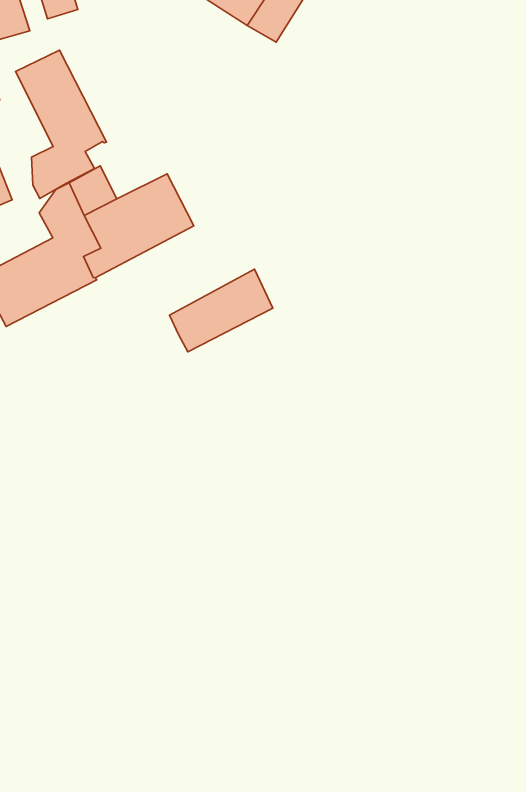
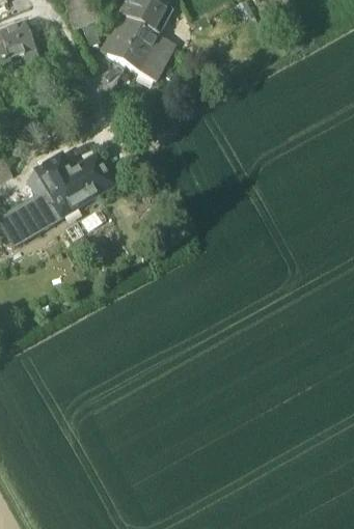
building: [16,50,106,199] -> none
building: [169,269,273,352] -> none

